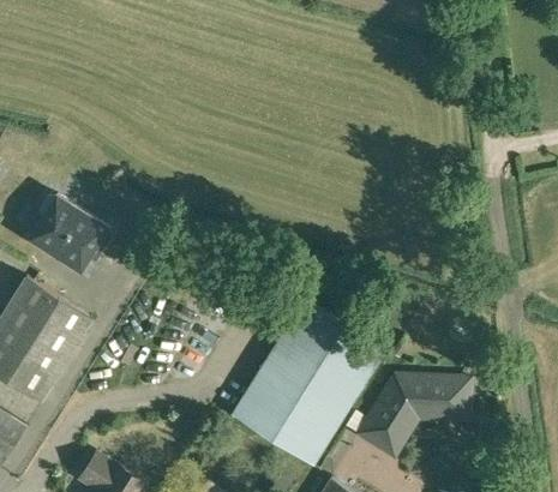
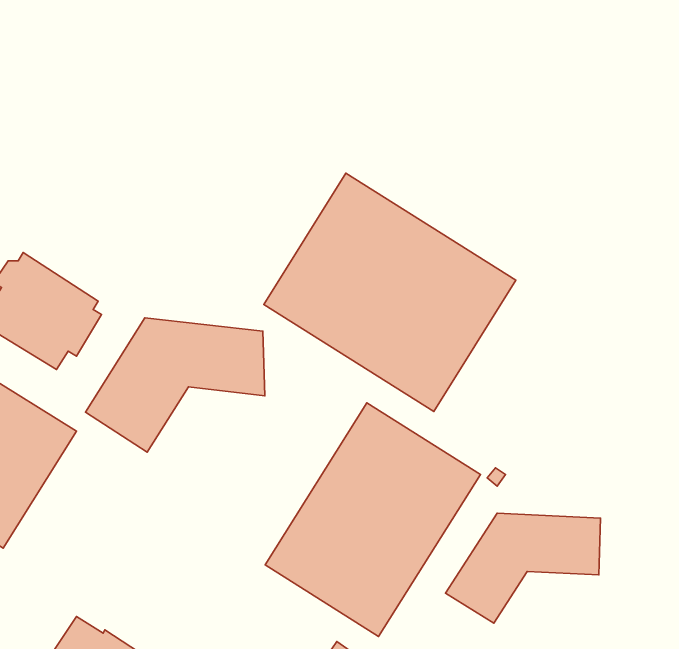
building: none -> [264,173,516,411]
building: none -> [85,318,265,452]

